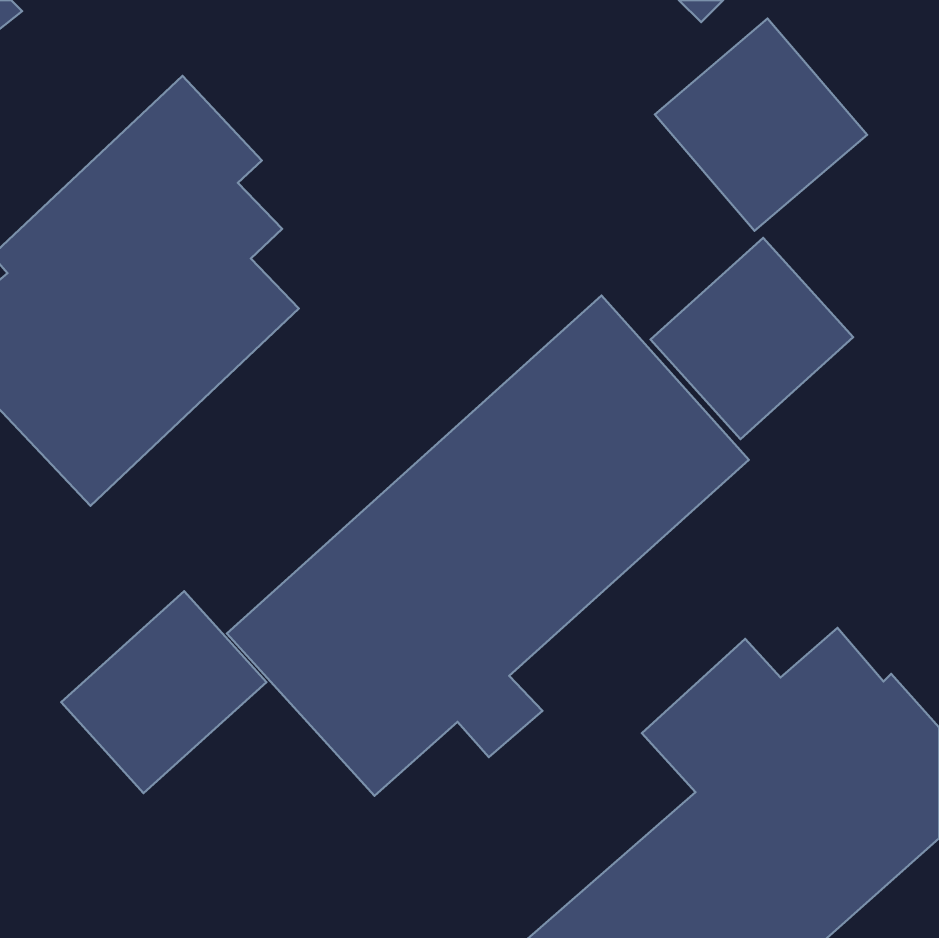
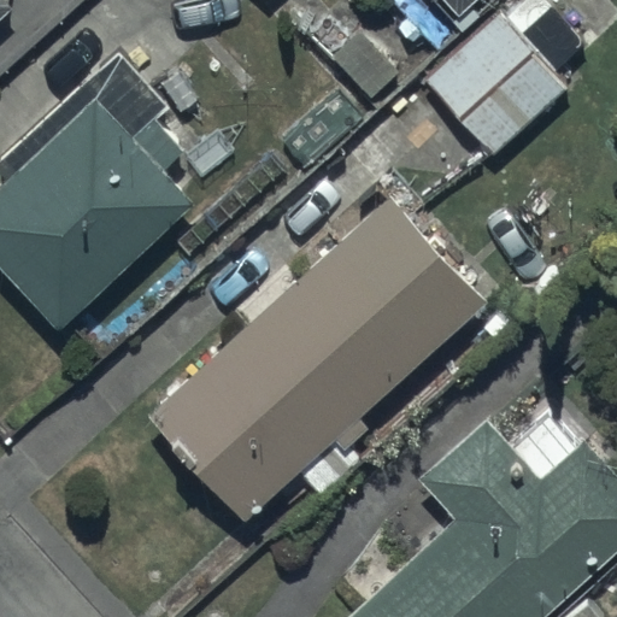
building: [650,238,853,439] -> none
building: [61,591,267,793] -> none

